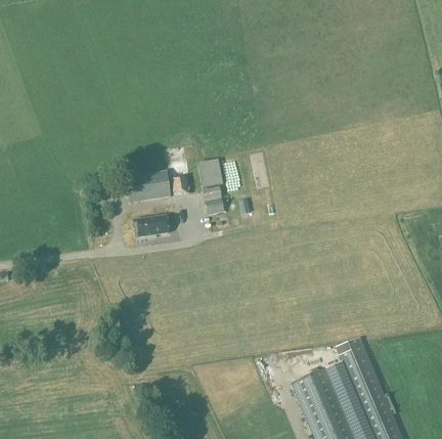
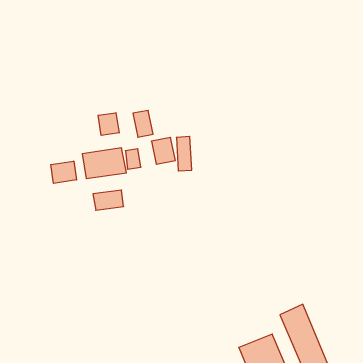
building: none -> [98,113,119,135]
building: none -> [51,161,77,183]
building: [204,186,225,215] -> [133,110,153,137]

